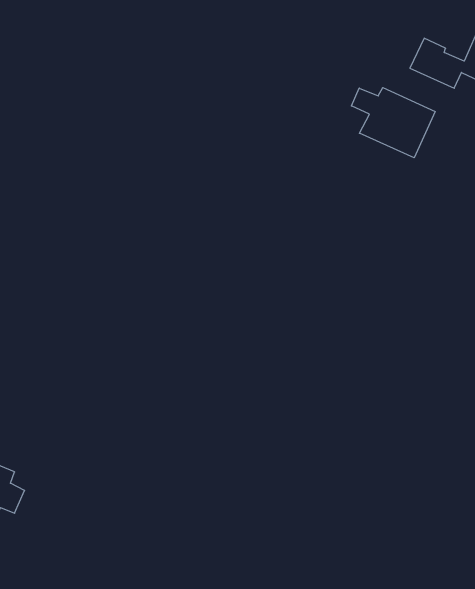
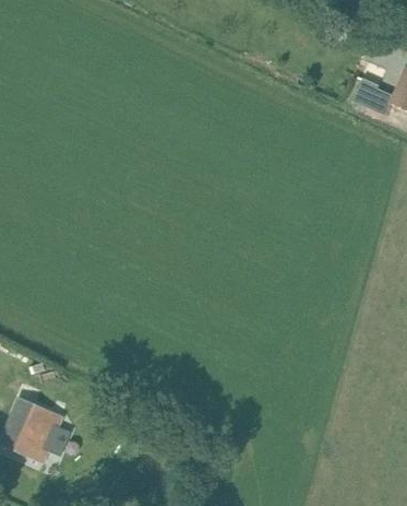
building: [351,88,435,158] -> none

